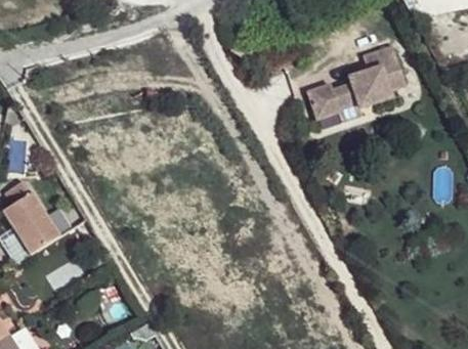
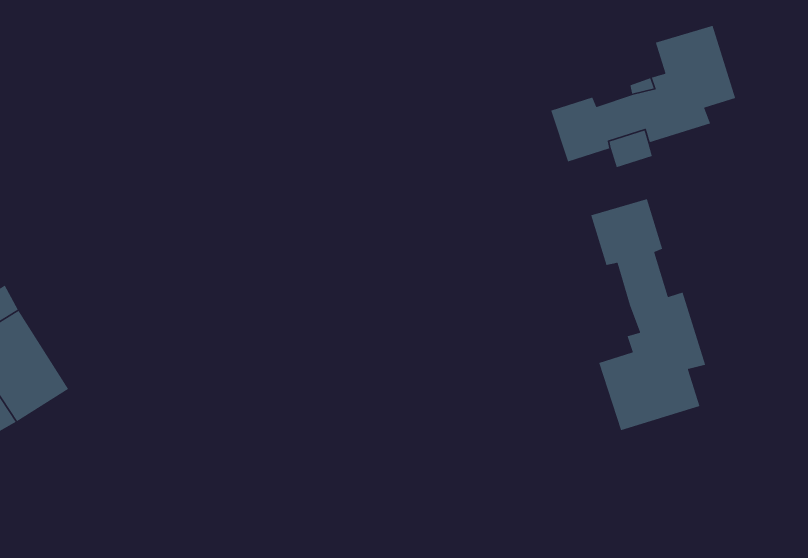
building: none -> [590,198,706,431]

